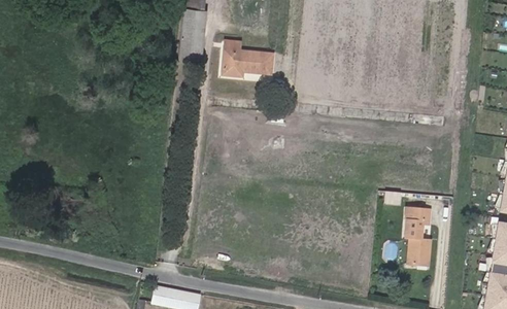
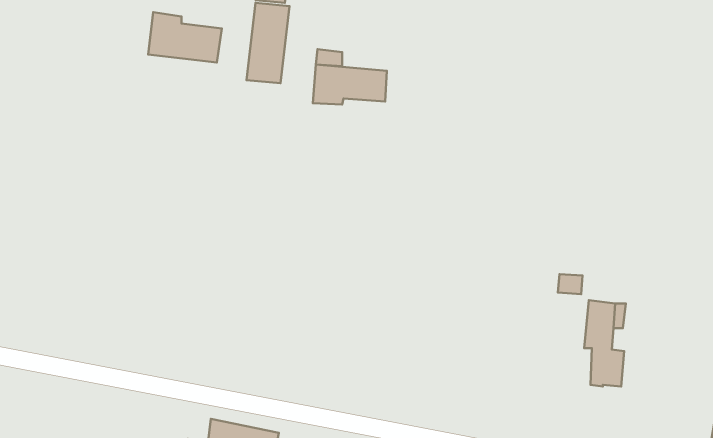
building: none -> [148,12,222,62]

